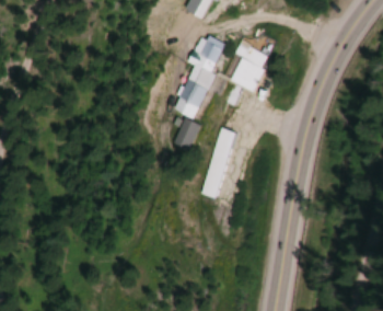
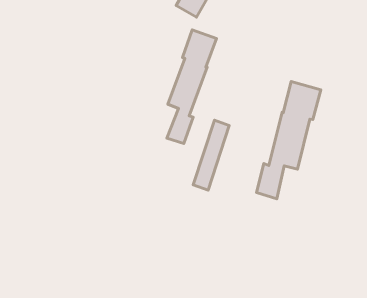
building: [230,41,272,92] -> none
building: none -> [256,82,321,199]

